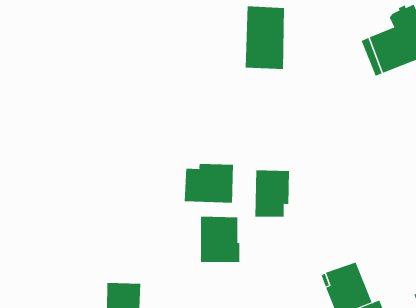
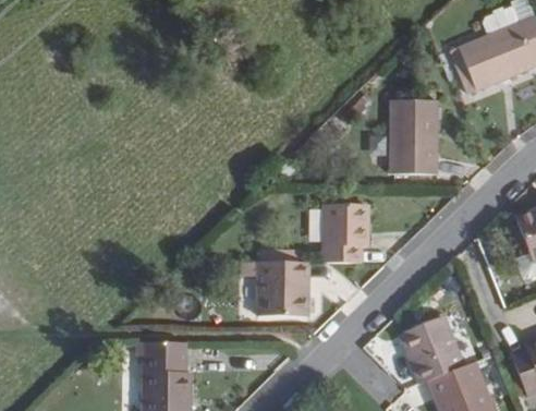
building: [245,6,285,70] -> [390,98,438,174]
building: [184,163,234,204] -> none

